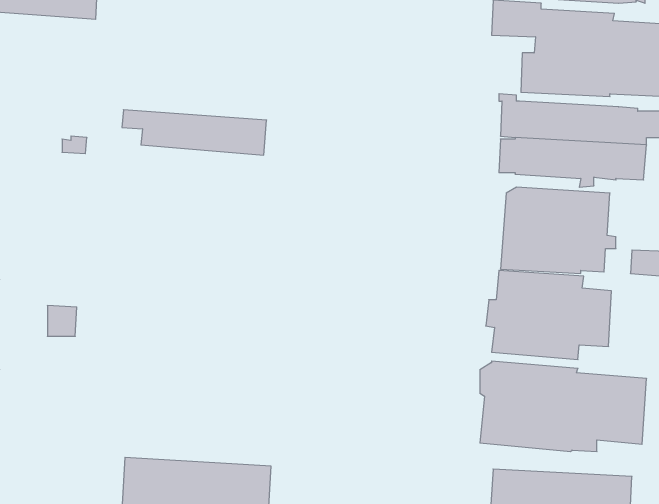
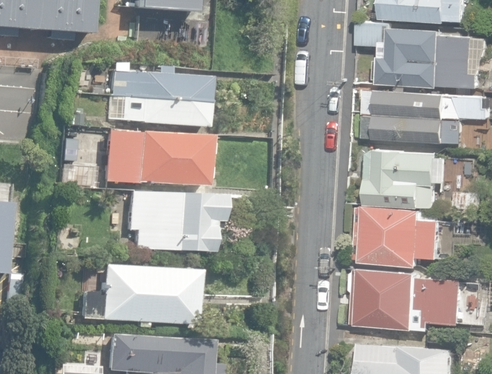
building: none -> [109,65,210,103]
building: none -> [105,130,208,186]
building: none -> [128,190,220,252]
building: none -> [82,264,200,327]

